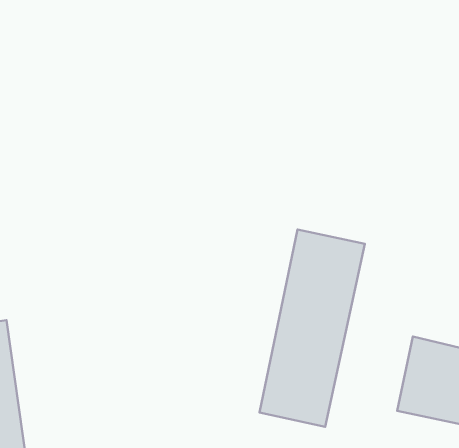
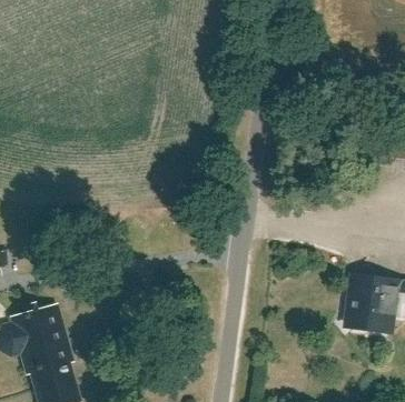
building: [260,230,365,427] -> none

